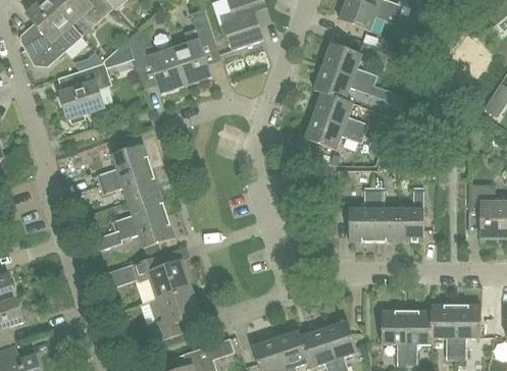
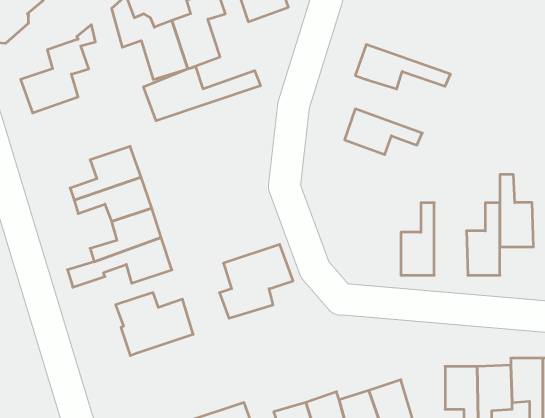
building: [321,43,386,89] -> none
building: none -> [144,67,260,121]
building: [313,93,367,134] -> none
building: [373,187,399,242] -> [500,175,533,247]
building: [144,286,200,342] -> [219,244,293,318]

